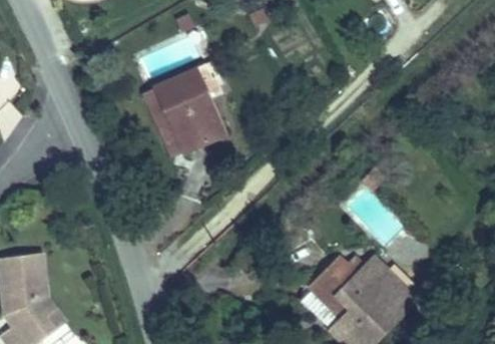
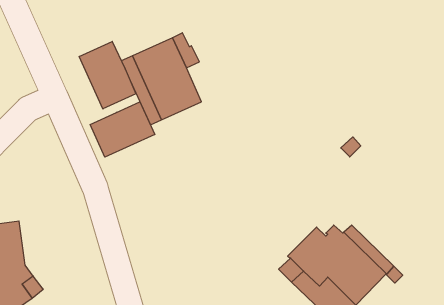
building: none -> [79,41,136,109]
building: none -> [90,102,155,157]

